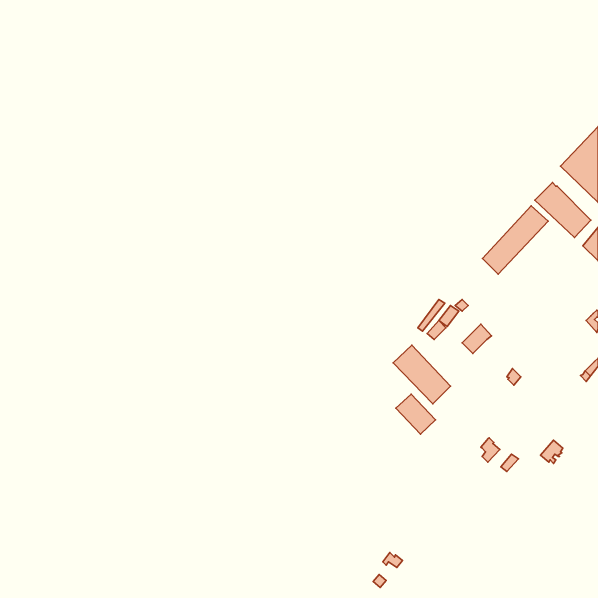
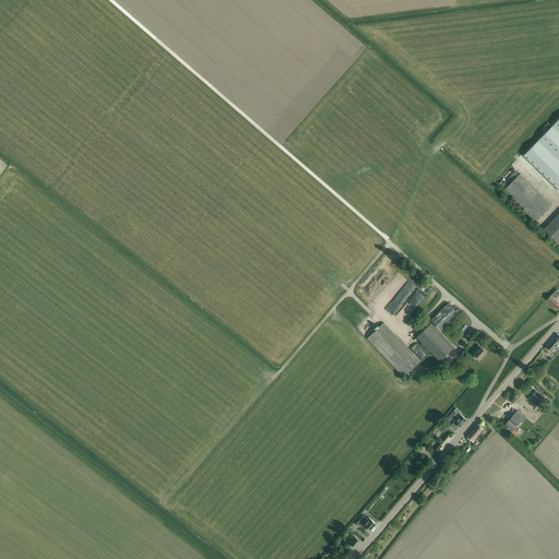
building: [482,206,548,274] -> none
building: [396,394,436,434] -> [417,323,454,360]

